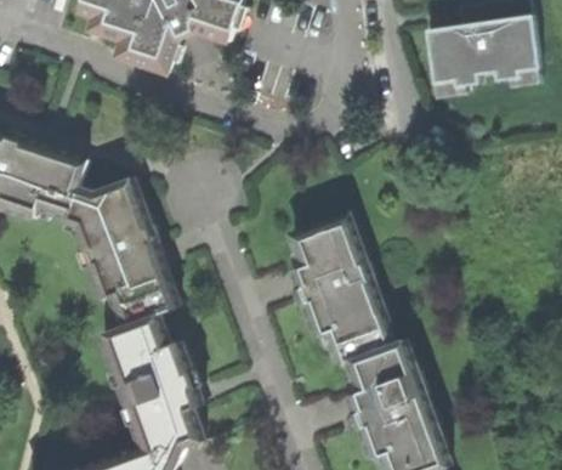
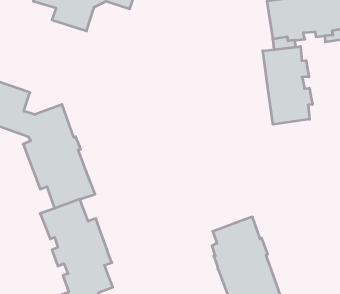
building: none -> [263,46,312,124]
building: [289,213,393,361] -> none

